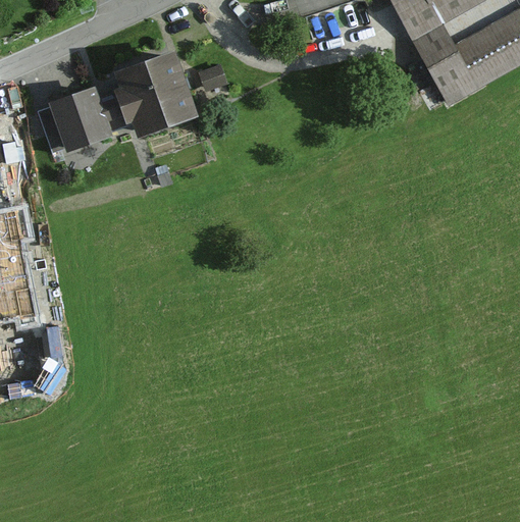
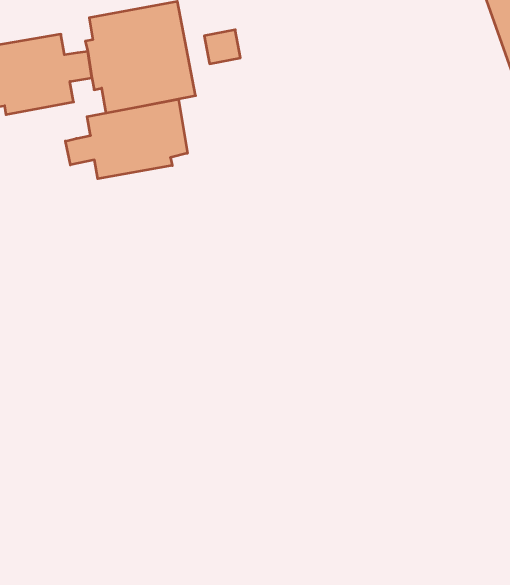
building: none -> [65,99,187,179]

